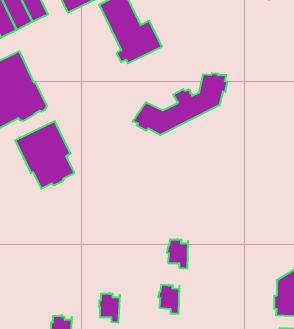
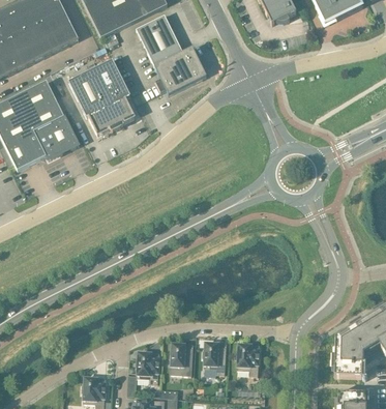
building: [133,73,227,135] -> none
building: [15,121,74,189] -> [69,59,136,135]
building: [167,239,188,269] -> [236,343,260,376]
building: none -> [170,342,194,375]

